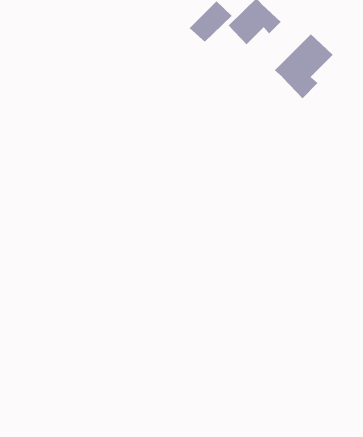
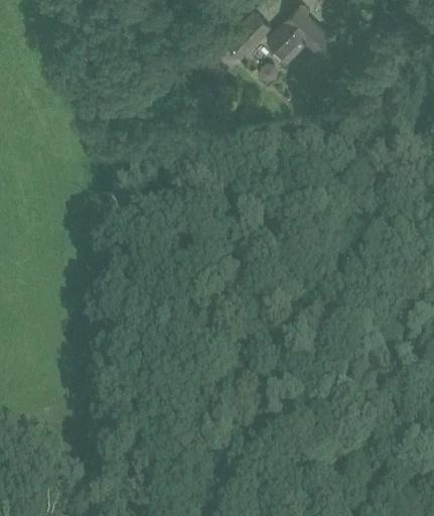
building: [274,33,333,99] -> none

